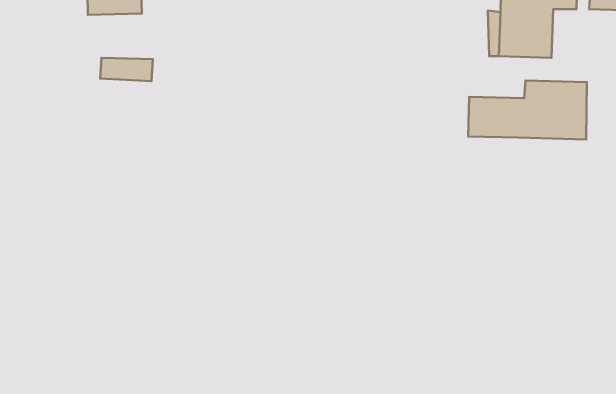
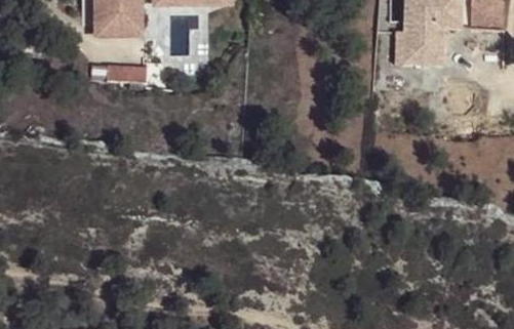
building: [468,80,587,140] -> none

